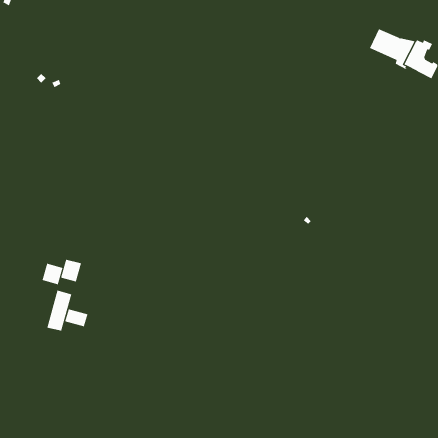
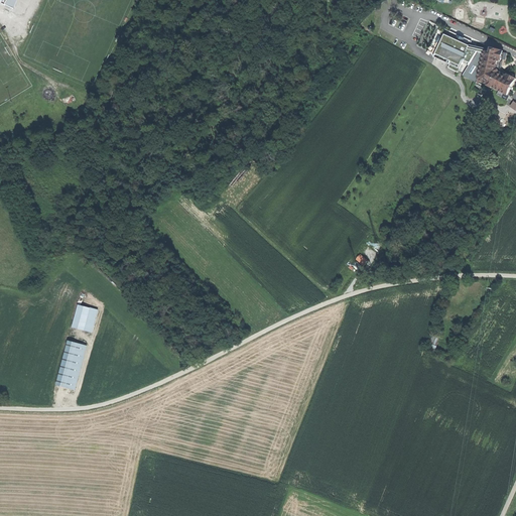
building: [42,263,63,285] -> none
building: [65,308,88,327] -> none

